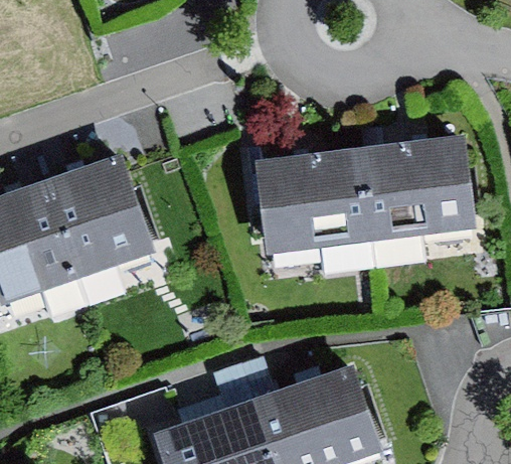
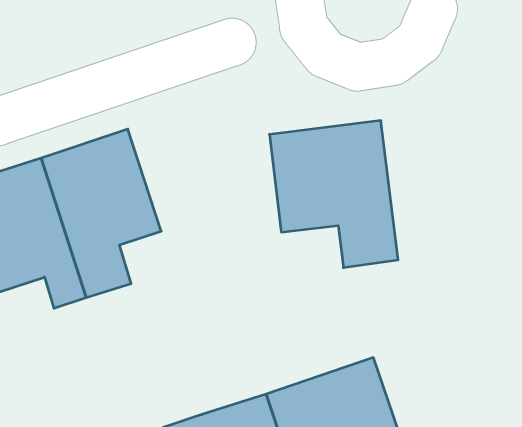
building: [358,132,478,277] -> none

